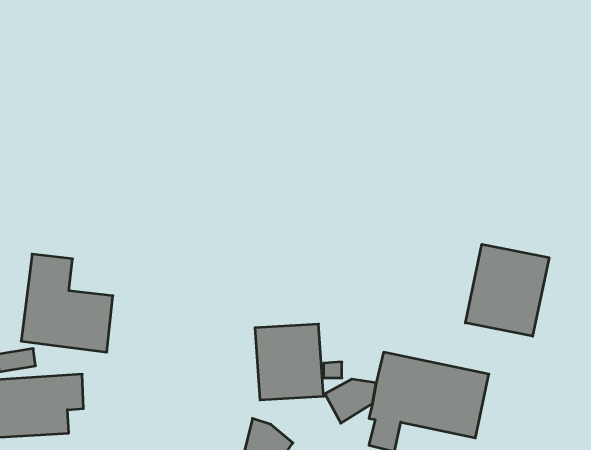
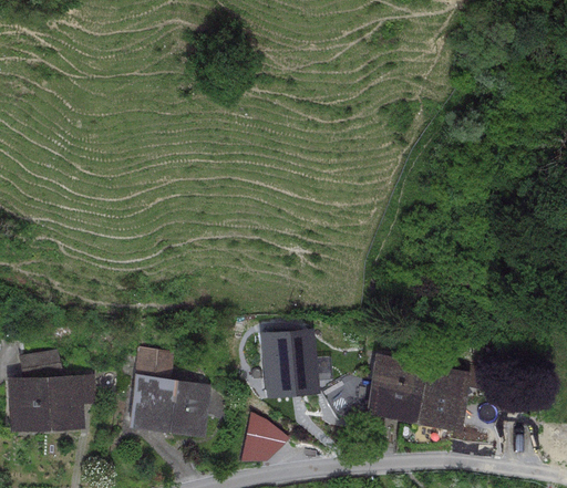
building: [465,244,549,336] -> none
building: [21,254,113,352] -> [131,349,214,437]

